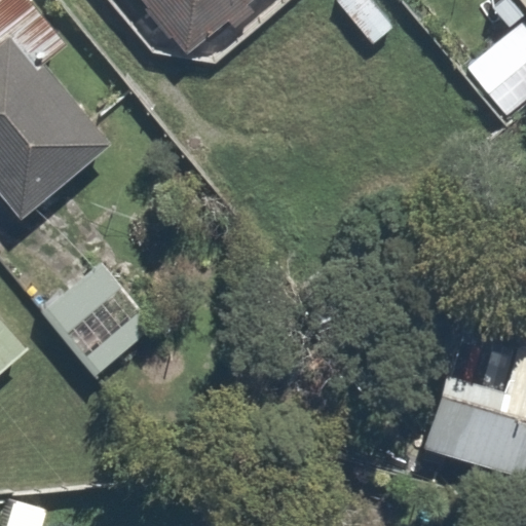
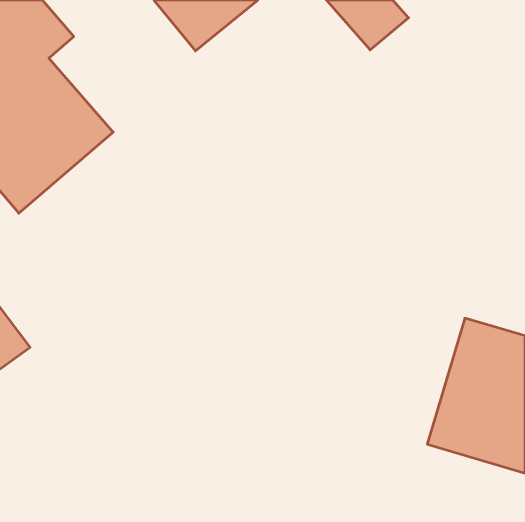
building: [35,261,154,381] -> none

